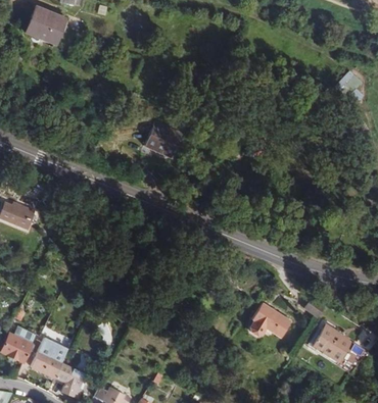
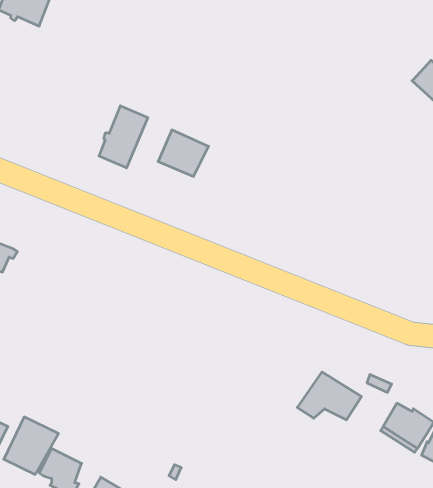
building: none -> [99,106,148,168]

